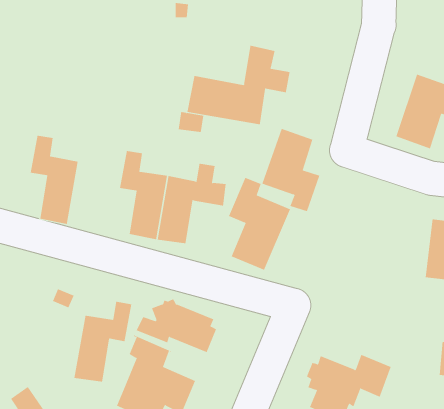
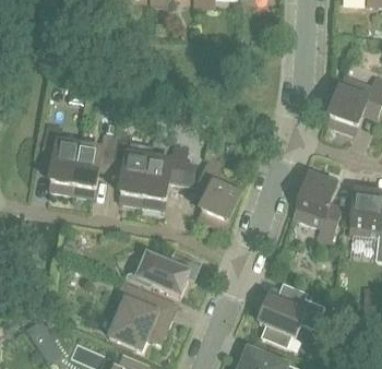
building: [187,45,290,125] -> none
building: [262,128,320,212] -> [295,174,341,239]
building: [74,301,132,382] -> [71,133,117,197]

